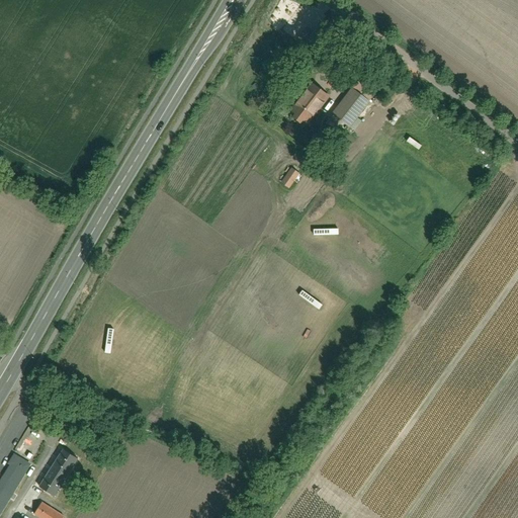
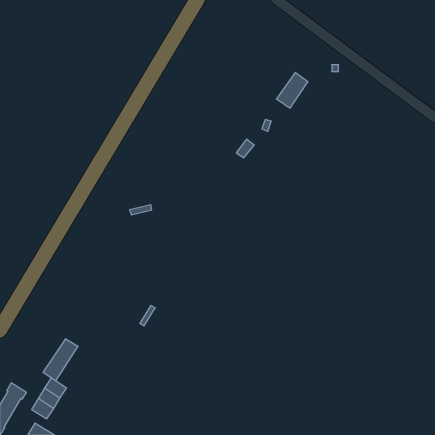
building: [291,84,327,122] -> none
building: none -> [43,339,78,381]

